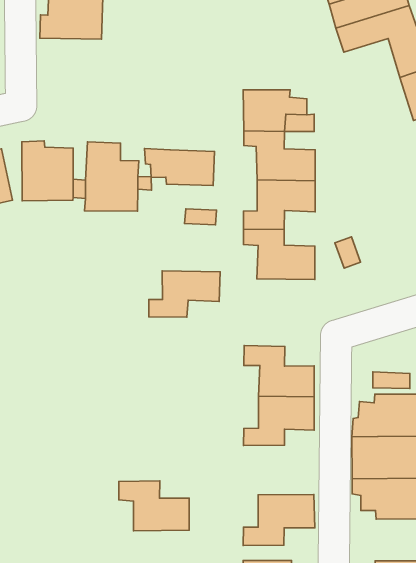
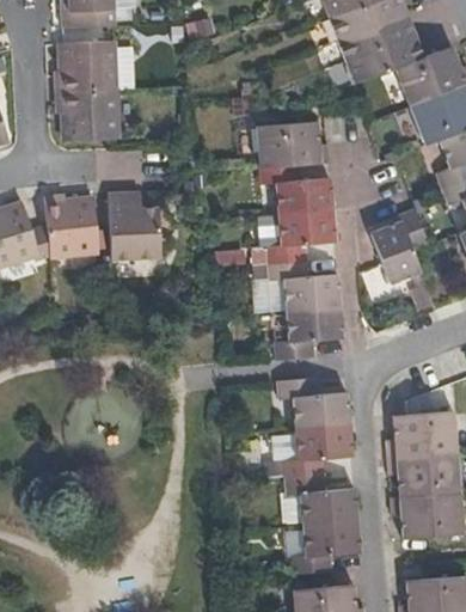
building: none -> [56,92,118,141]
building: [144,149,214,186] -> none
building: none -> [370,212,428,283]
building: [149,271,220,317] -> [274,308,342,357]
building: [119,481,189,531] -> [284,471,356,521]

